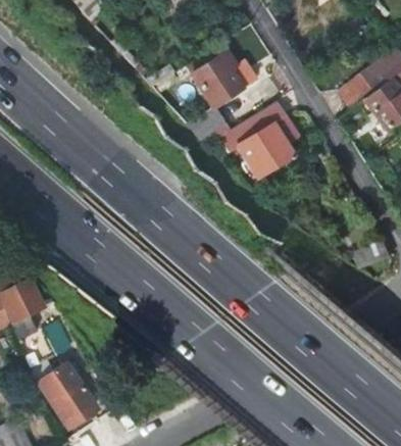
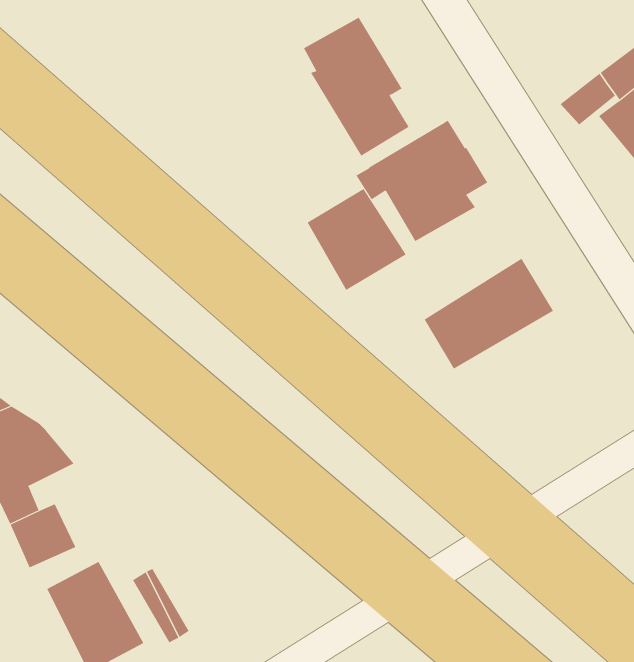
building: none -> [307,188,407,291]
building: none -> [424,258,554,369]

